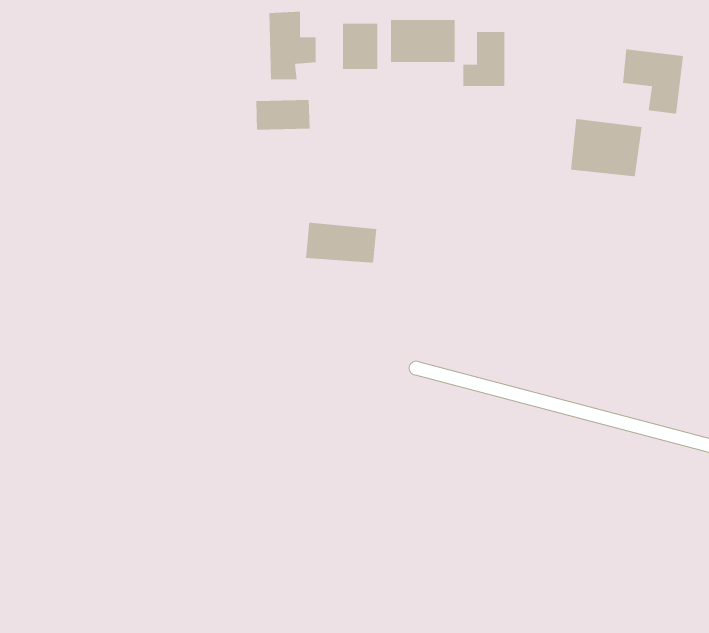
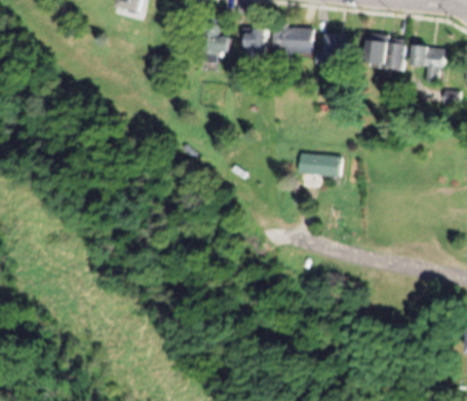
building: [256,99,310,130] -> none
building: [570,118,642,177] -> [364,35,407,70]
building: [305,222,377,263] -> [297,152,340,177]

